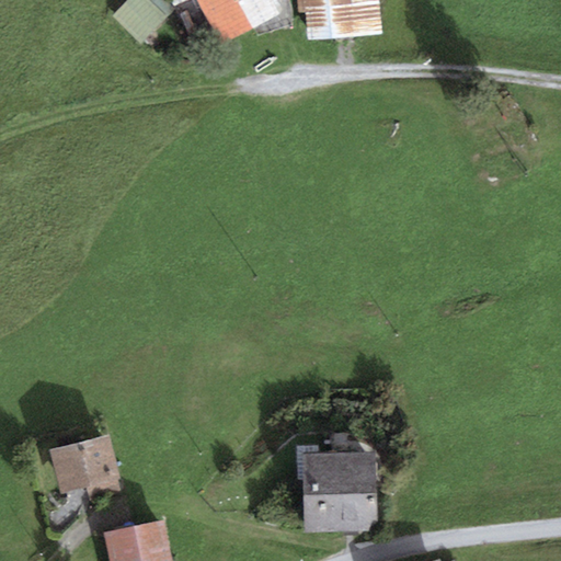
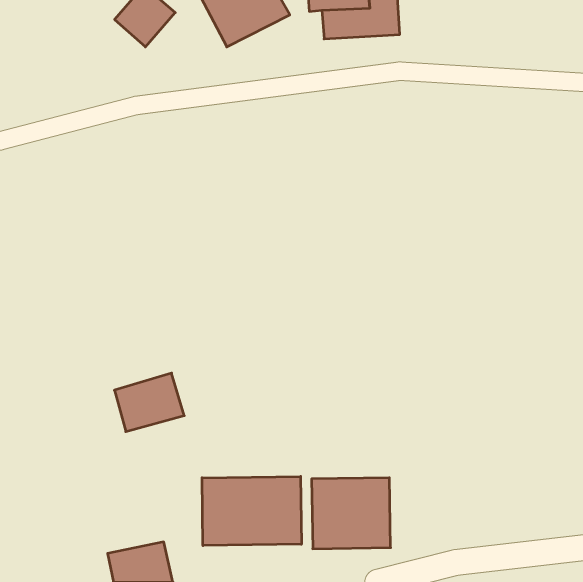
building: [51,434,118,490] -> [114,373,184,432]
building: none -> [202,476,301,546]

